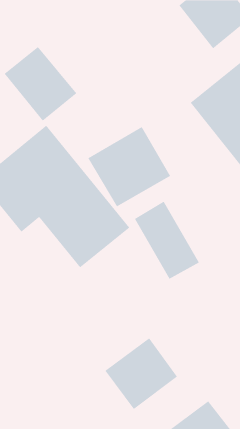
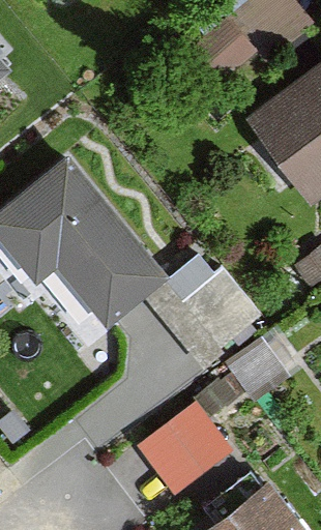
building: [4,46,77,122] -> none
building: [87,126,171,207] -> none

